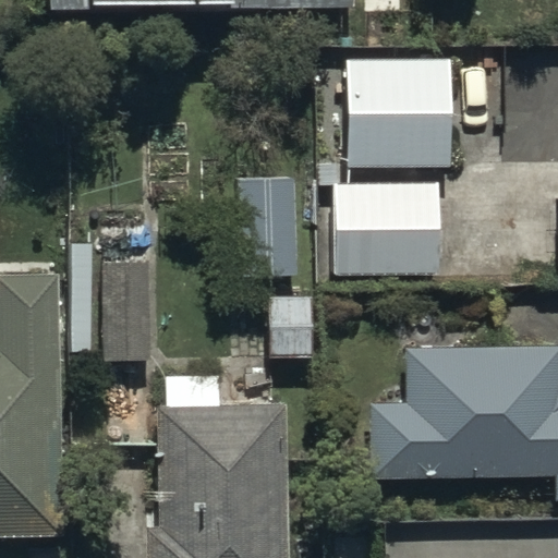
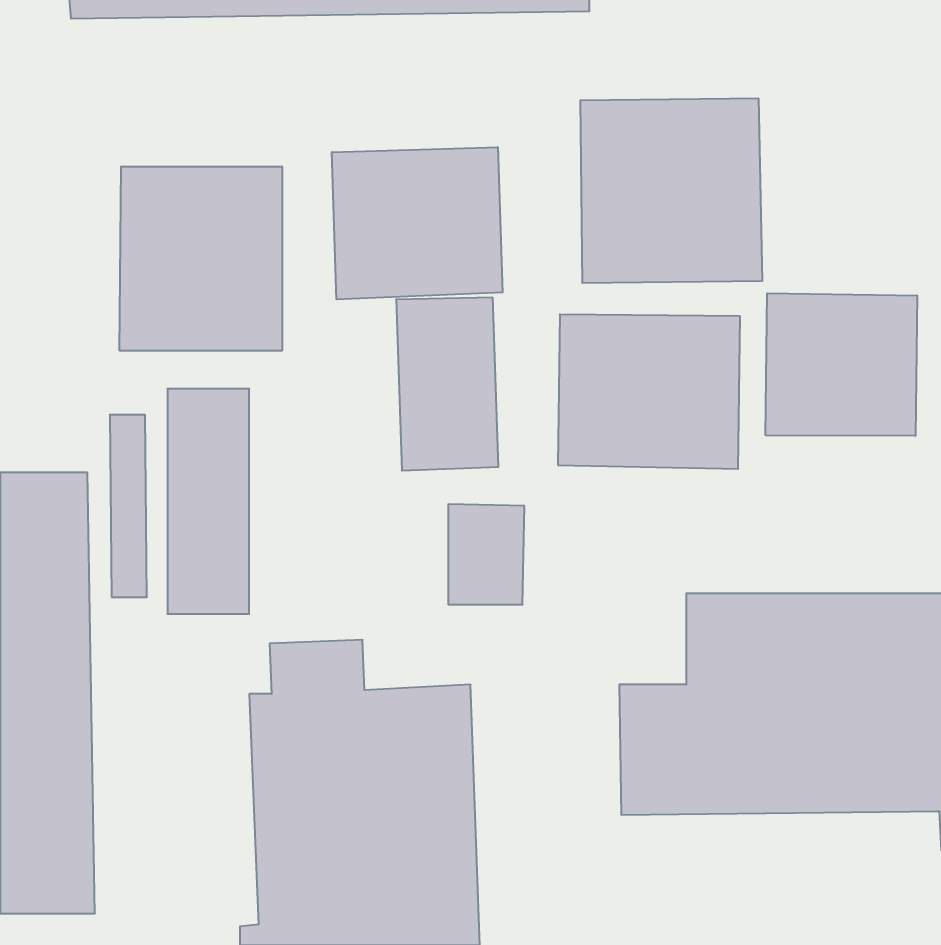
building: none -> [332,147,503,299]
building: none -> [120,166,282,351]
building: none -> [766,293,917,436]

